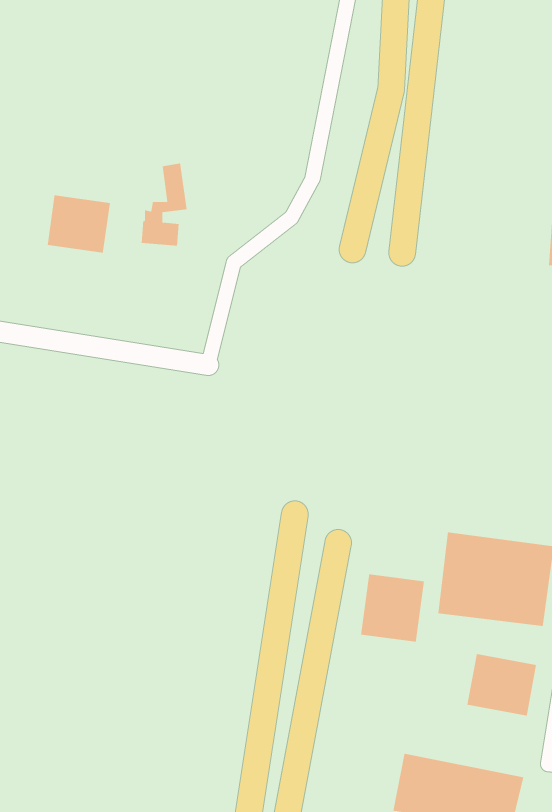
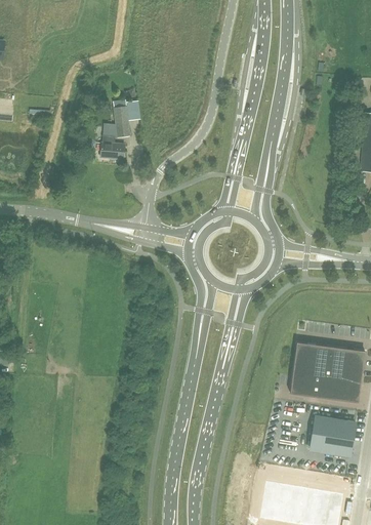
building: [47,195,110,253] -> none
building: [361,573,424,643] -> none

